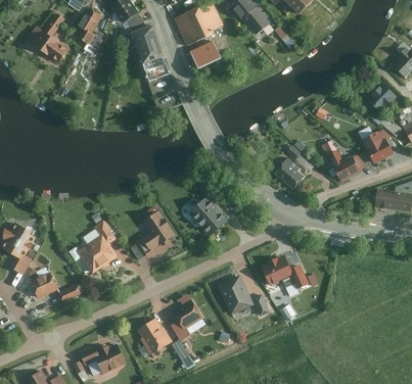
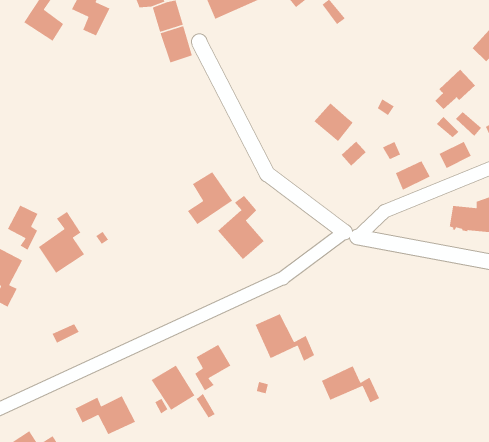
building: [190,43,219,68] -> none
building: [274,157,306,189] -> [314,102,354,142]
building: none -> [7,205,39,251]
building: [136,209,173,252] -> [187,171,233,225]
building: [80,222,118,272] -> [38,211,85,274]
building: [261,256,308,287] -> [321,365,380,404]
building: [31,273,58,297] -> none

